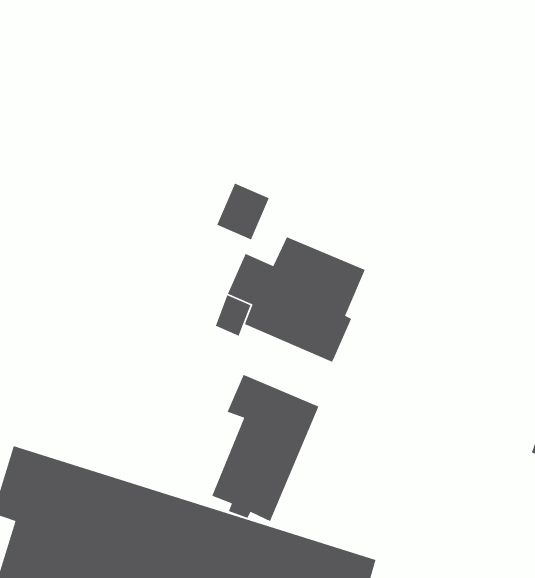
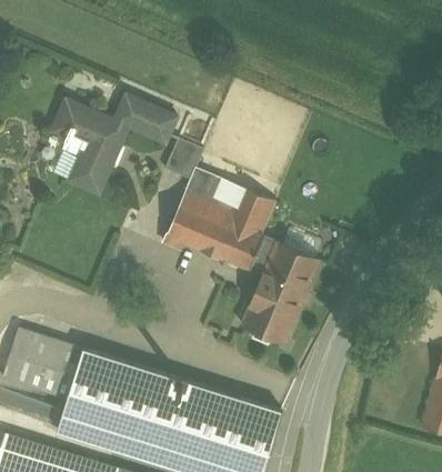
building: none -> [51,94,177,194]
building: [211,374,320,522] -> [240,237,319,344]

